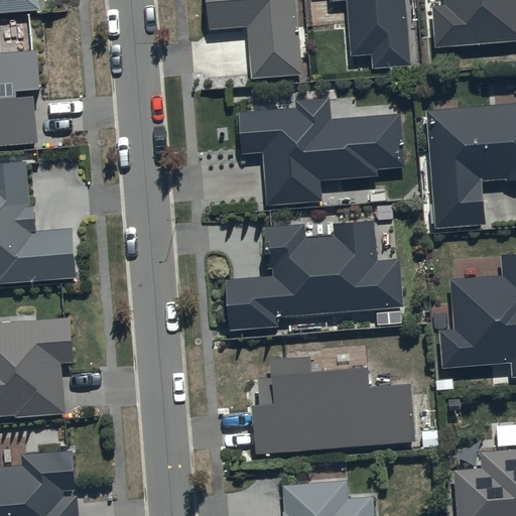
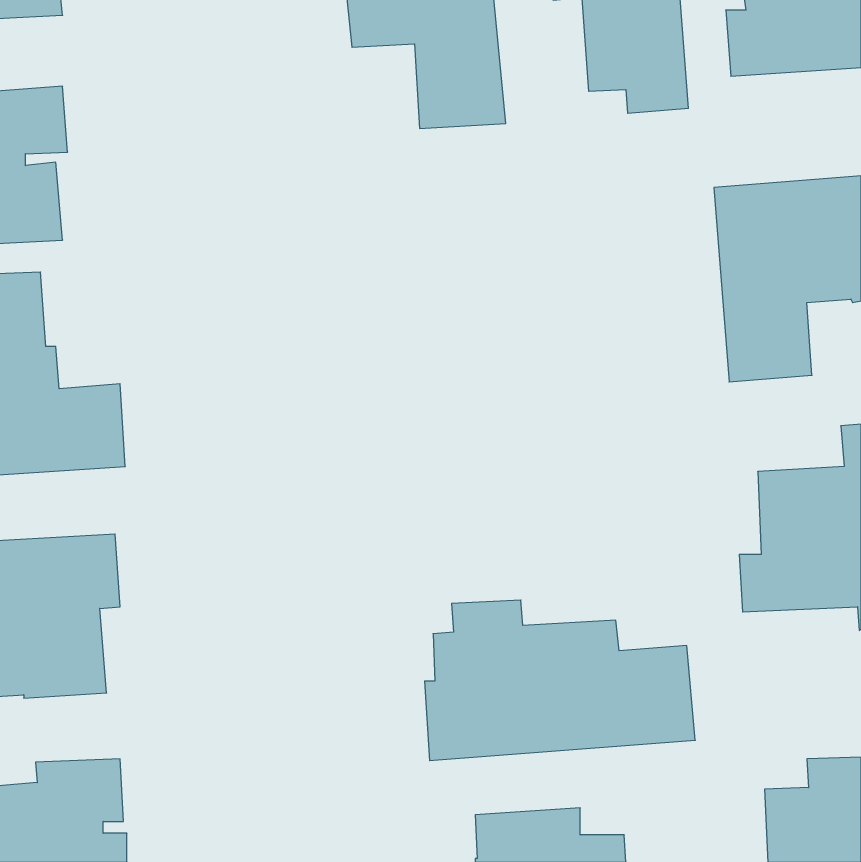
building: [239,99,403,205] -> none
building: [226,222,402,330] -> none

